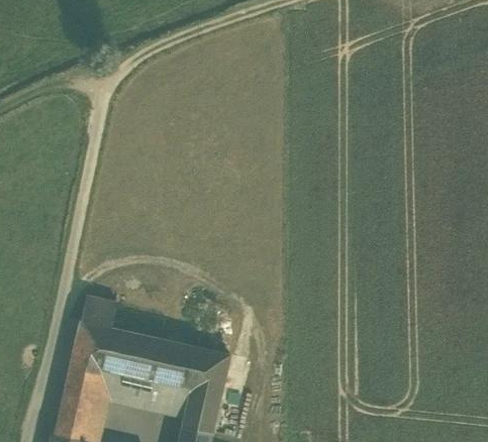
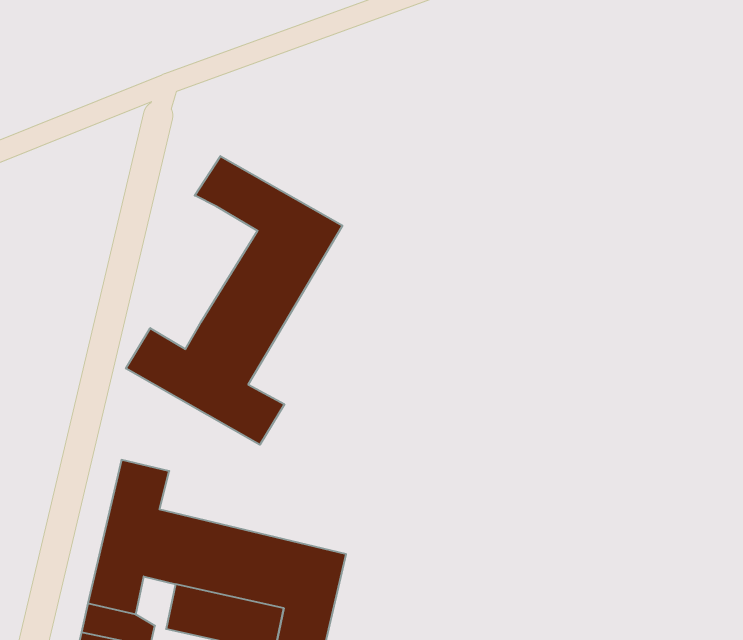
building: none -> [126,156,342,445]
building: [96,370,121,404] -> none

